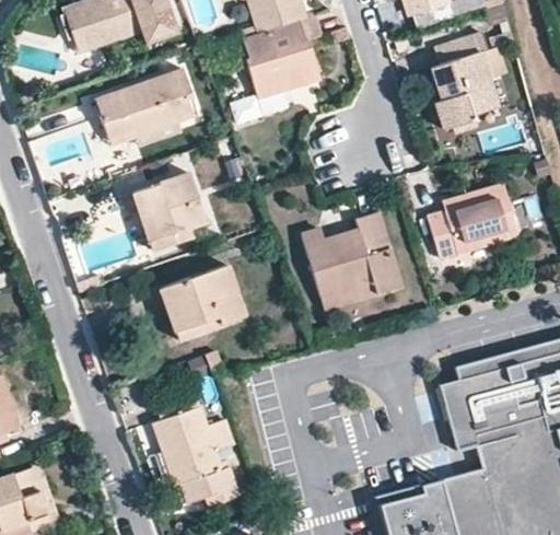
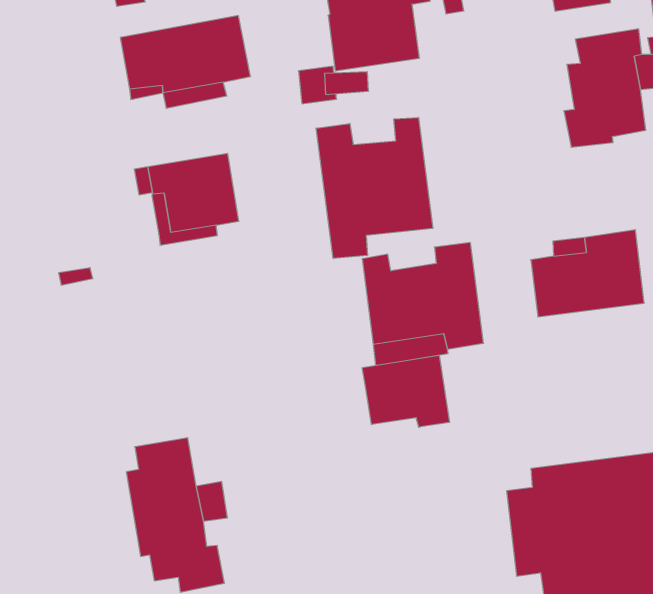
building: none -> [316,117,433,259]
building: [160,265,242,339] -> none
building: none -> [362,355,450,427]

